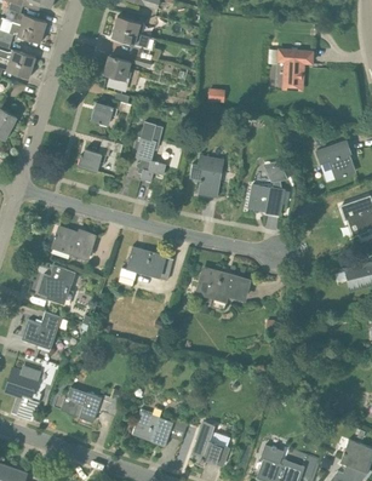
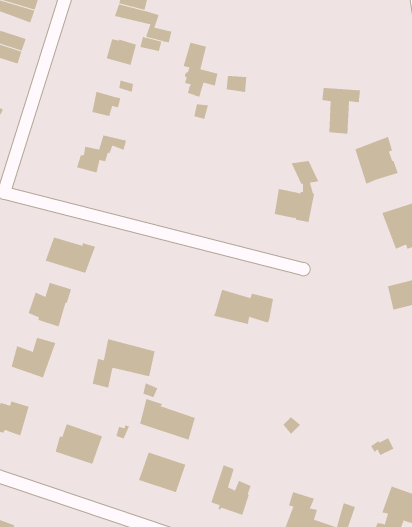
building: [279,50,313,90] -> [321,87,361,134]
building: [136,137,166,184] -> [183,42,218,97]
building: [189,155,224,196] -> none
building: [119,247,173,290] -> [92,339,156,388]
building: none -> [139,398,195,441]

